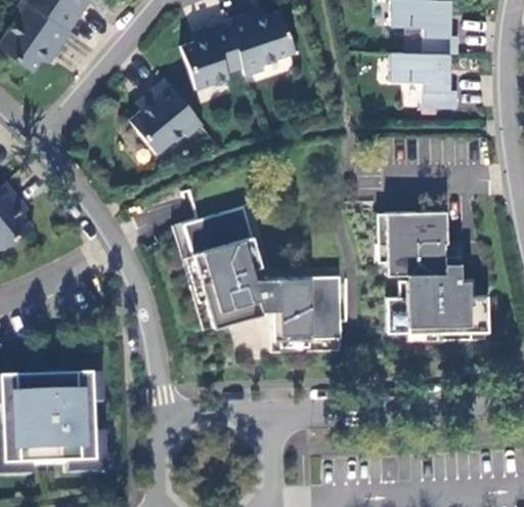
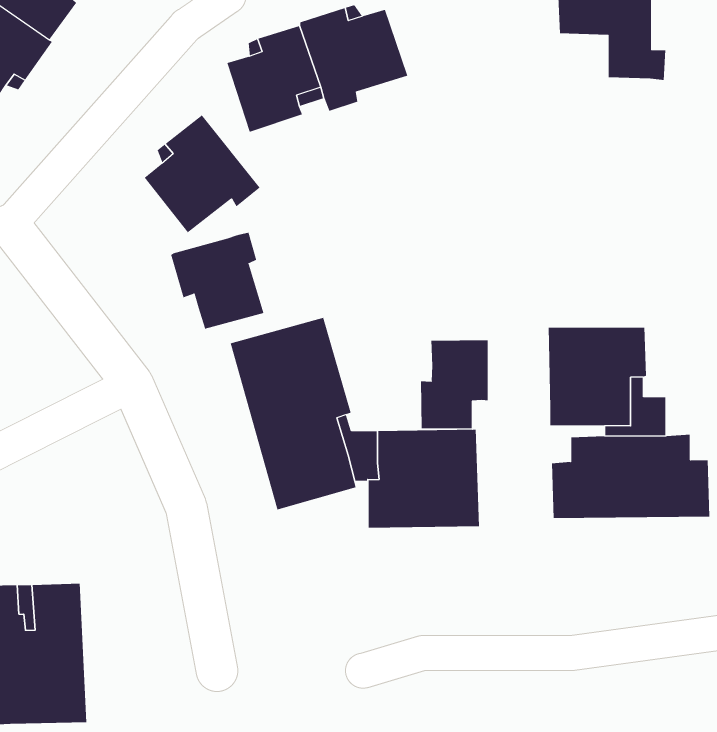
building: [390,53,457,110] -> none
building: none -> [170,232,264,330]
building: none -> [420,340,488,429]

